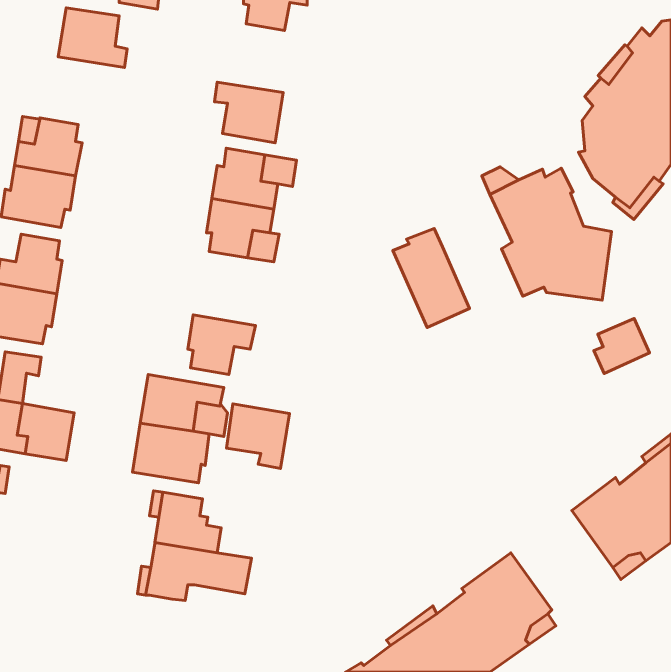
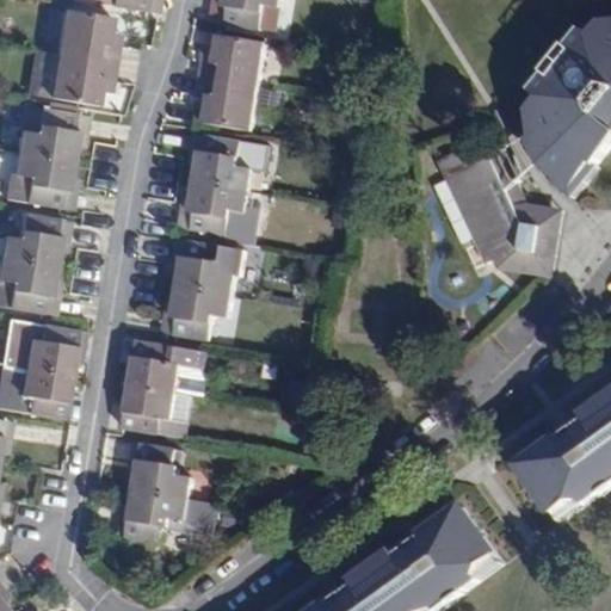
building: none -> [196,32,263,84]
building: none -> [45,51,112,104]
building: [393,228,469,327] -> none
building: none -> [174,239,234,294]
building: [594,318,649,374] -> none
building: none -> [20,322,74,372]
building: [226,404,290,468] -> none

